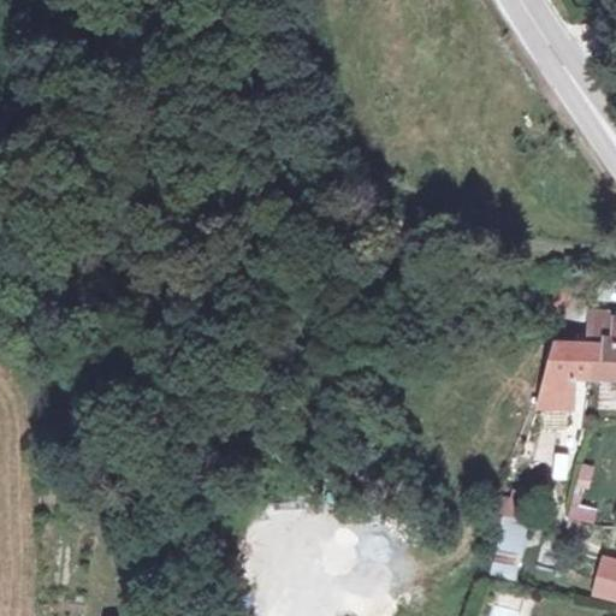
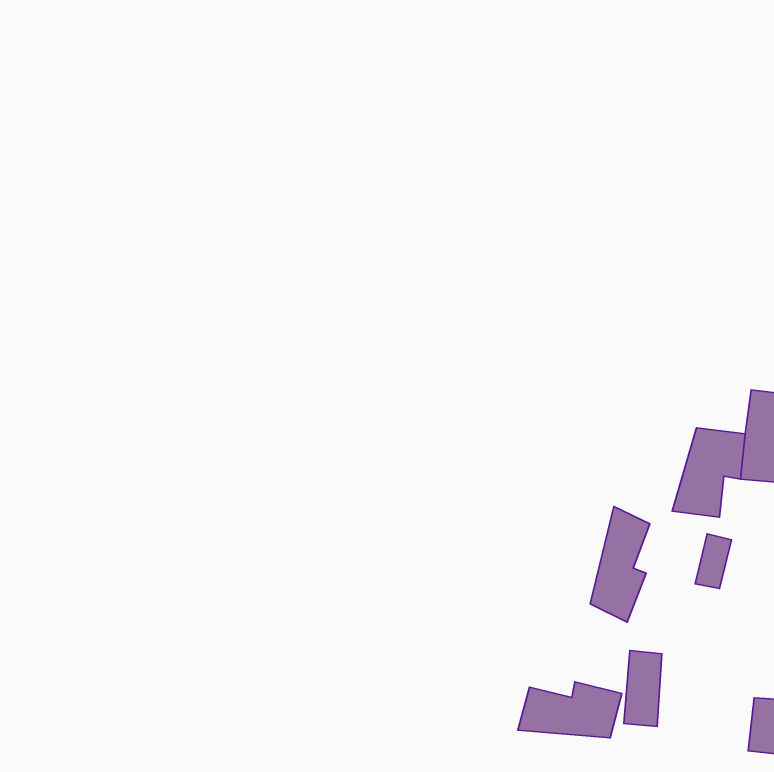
building: none -> [590,506,650,622]
building: none -> [518,682,622,738]

